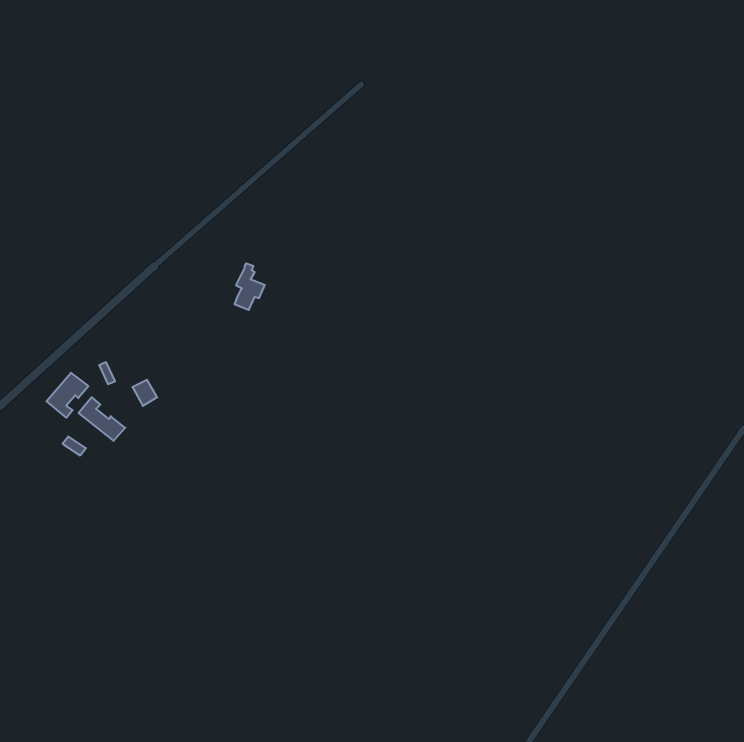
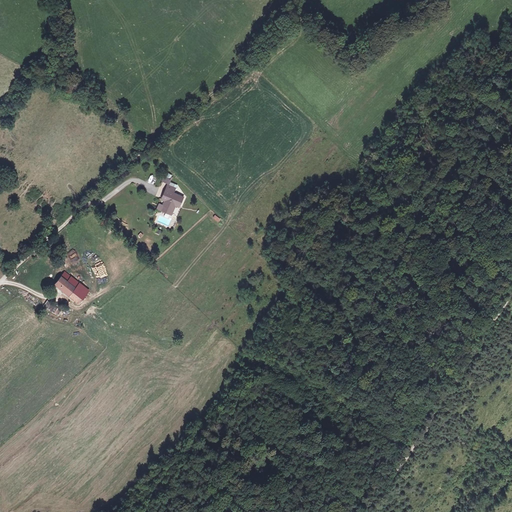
building: [46,373,88,418] -> none

